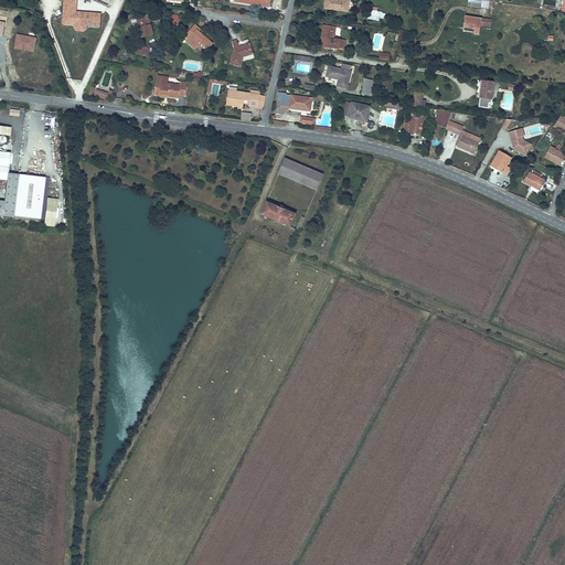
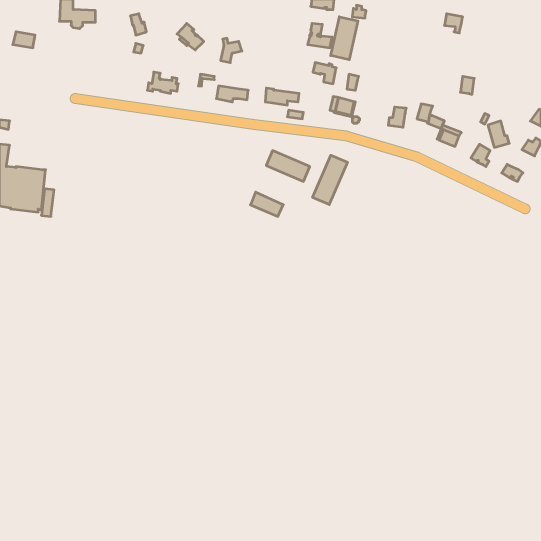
building: none -> [331,17,358,60]
building: none -> [313,155,347,205]

